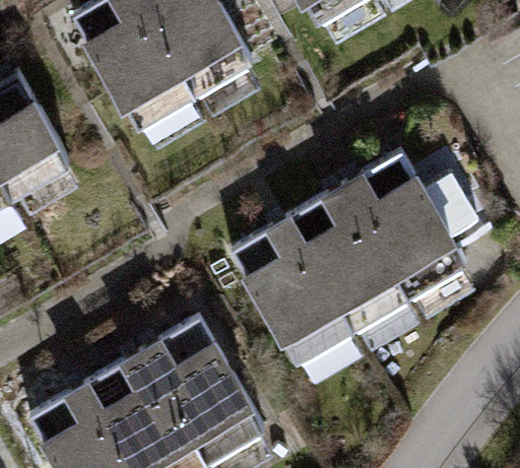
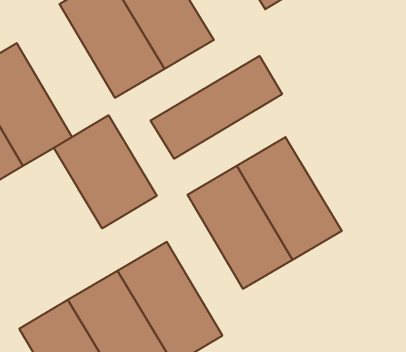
building: none -> [151,56,282,159]
building: [341,152,467,298] -> none
building: none -> [54,115,157,228]

